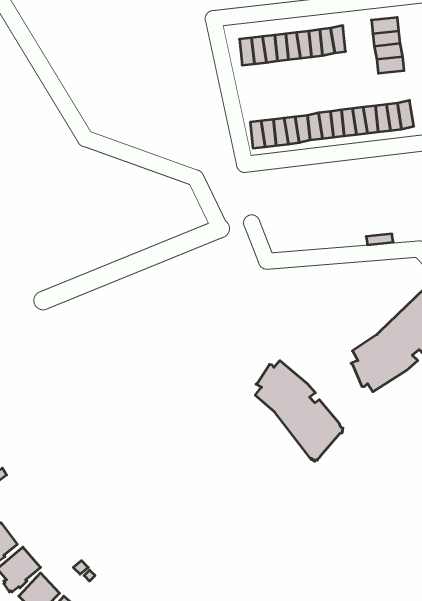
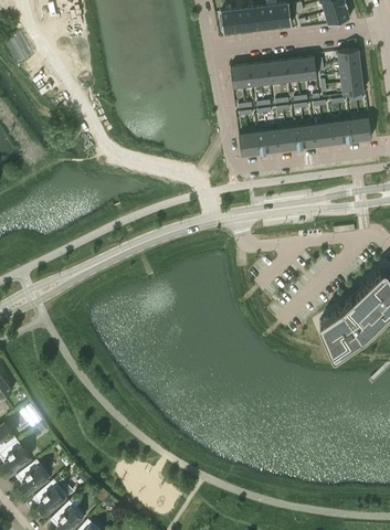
building: [255,361,343,461] -> none

